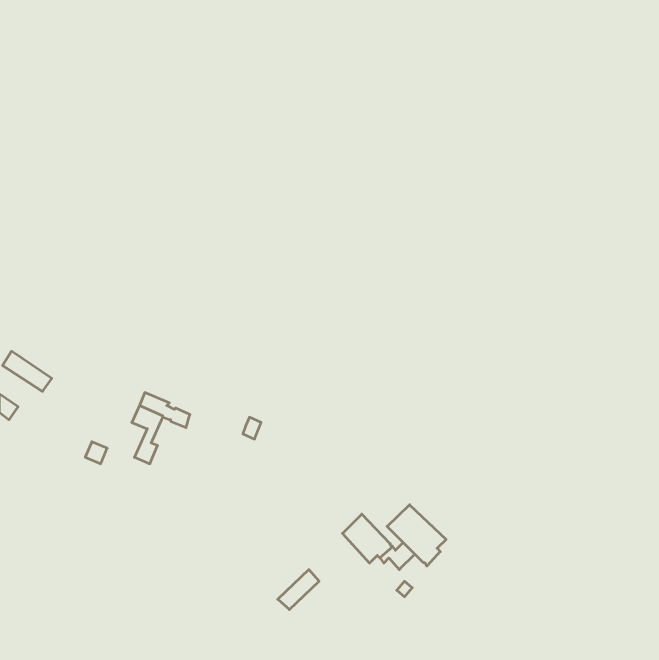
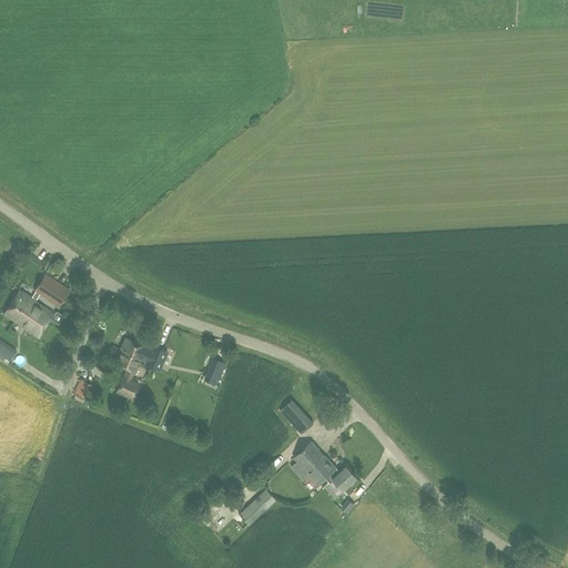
building: none -> [10,274,69,325]
building: none -> [280,399,313,434]
building: [387,505,446,566] -> none

